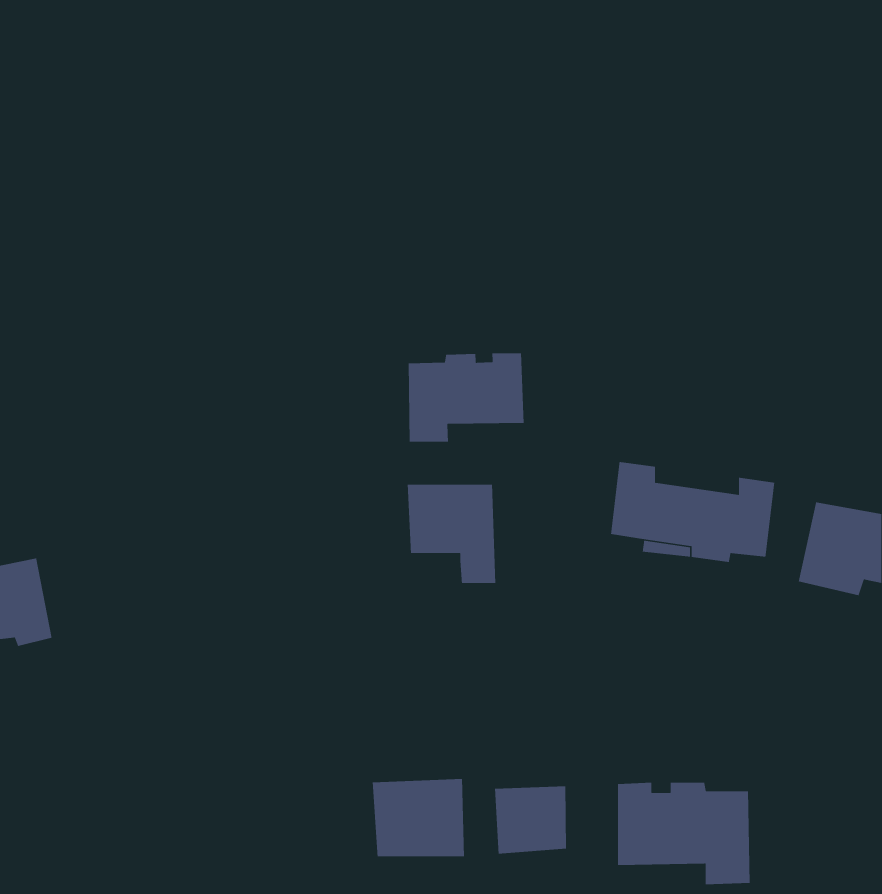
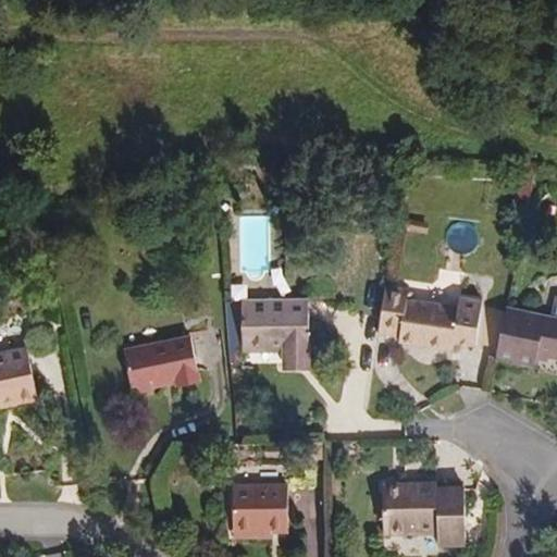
building: [408,353,524,443] -> none
building: none -> [121,336,197,394]
building: [494,785,567,855] -> none

